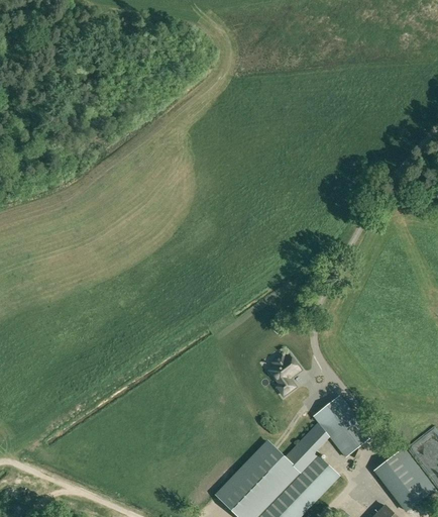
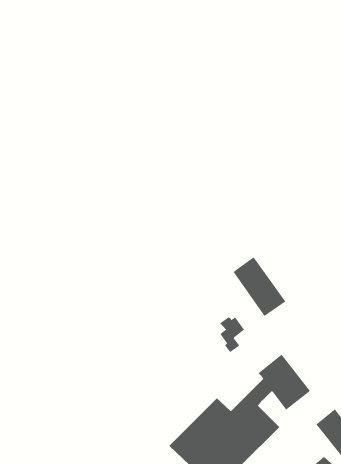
building: none -> [233,256,286,317]

